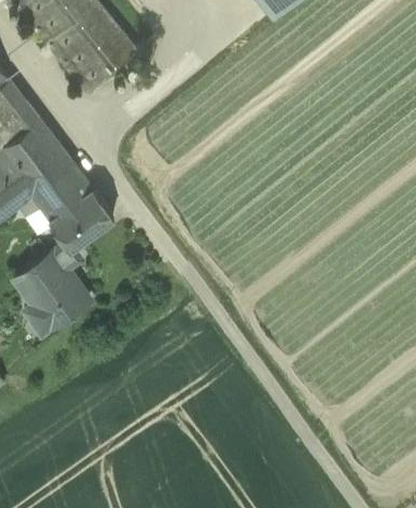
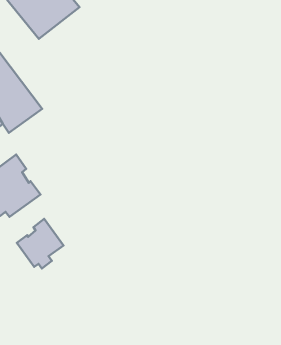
building: [46,185,112,247] -> none
building: none -> [17,219,63,268]

